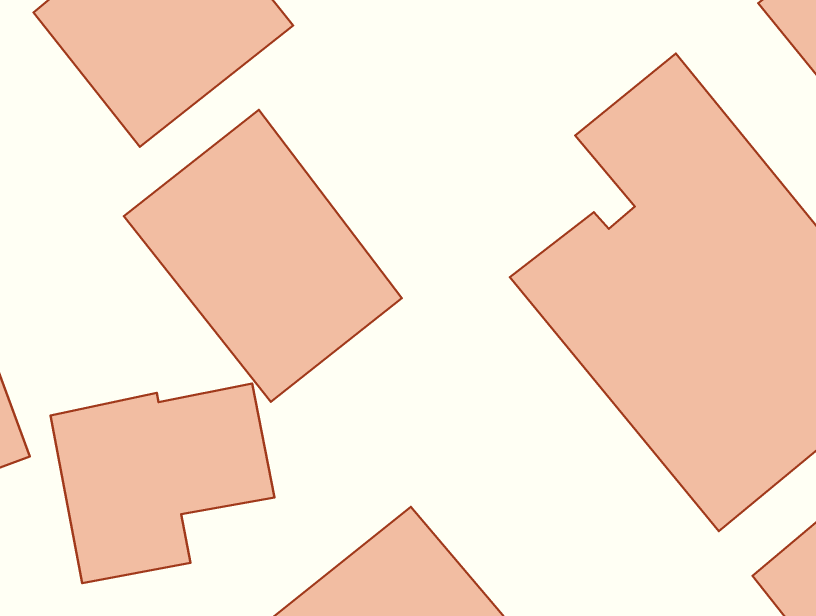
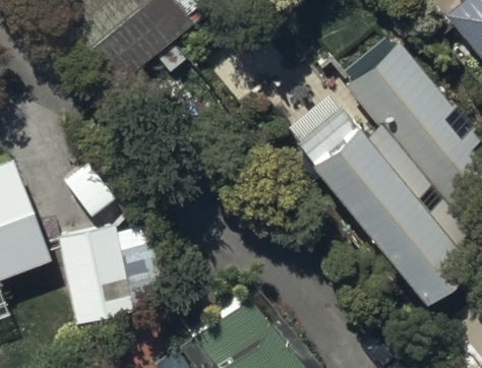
building: [124,110,402,402] -> none

